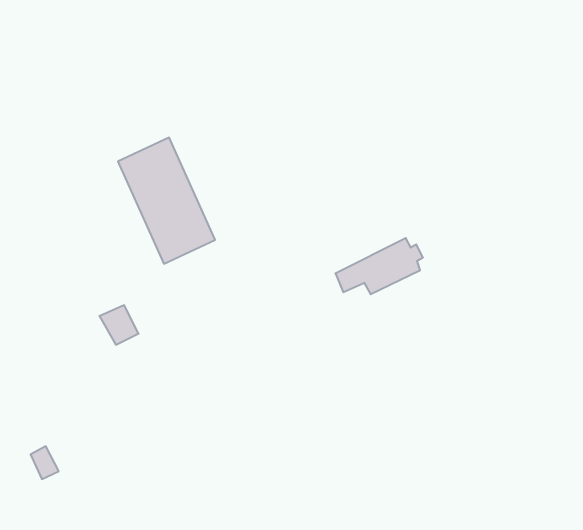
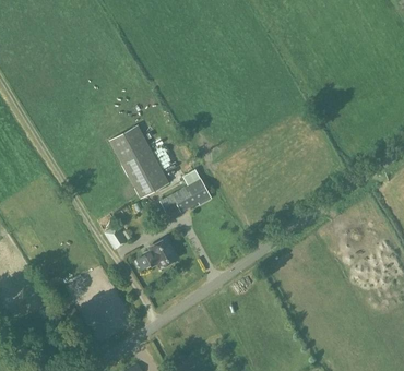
building: [335,238,423,294] -> [159,177,211,212]
building: none -> [143,237,177,267]

